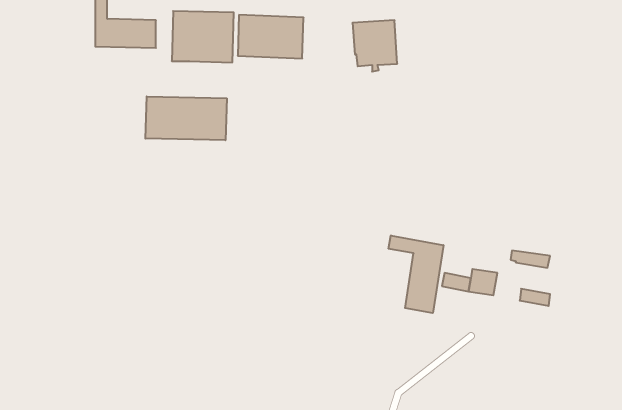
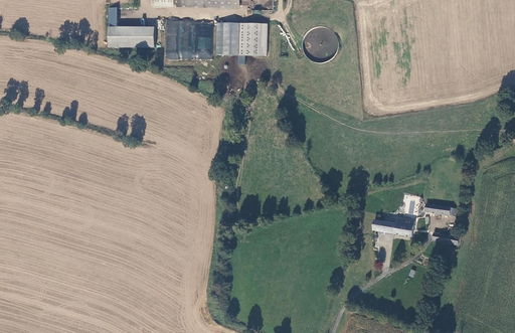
building: [145,96,227,140] -> none
building: [389,235,443,313] -> none

